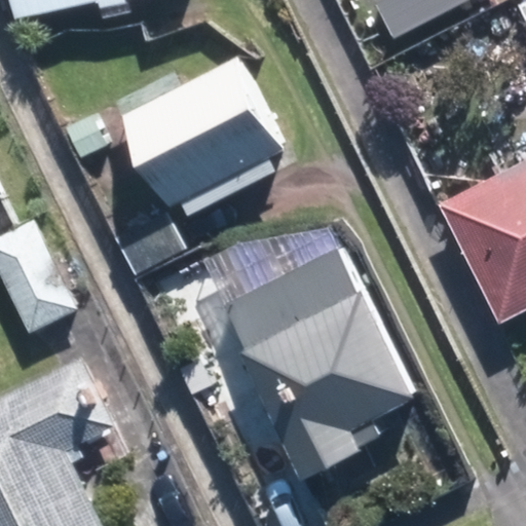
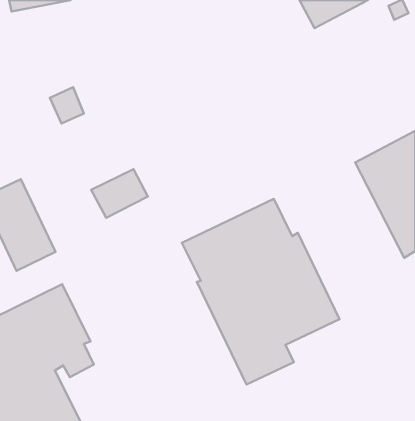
building: [124,57,287,209] -> none

